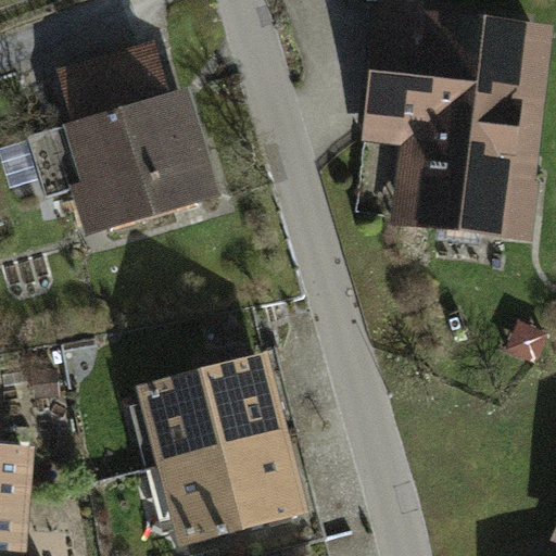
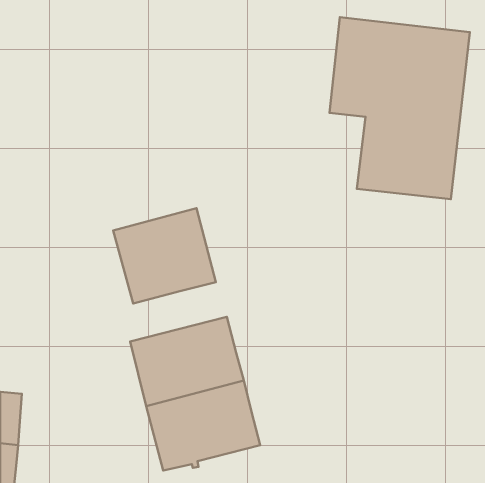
building: [33,58,218,229] -> none
building: none -> [113,208,216,303]

